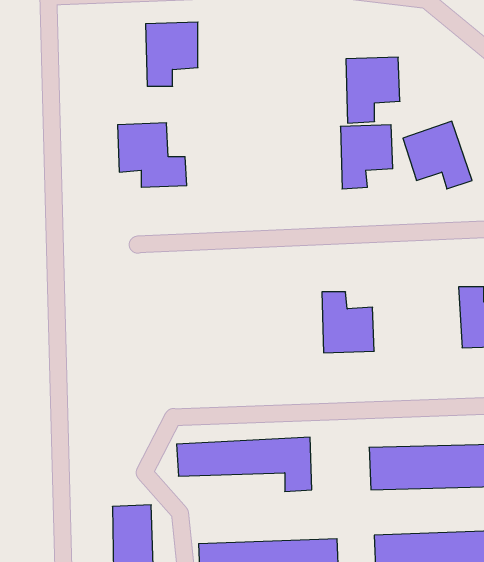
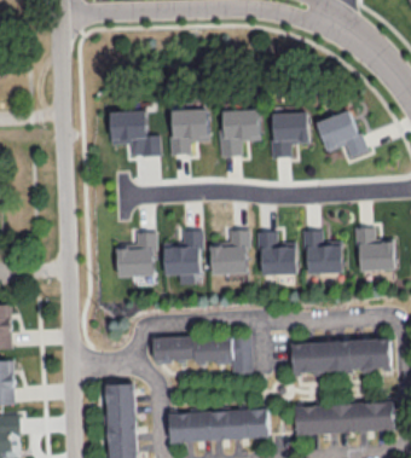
building: [146,22,198,86] -> [170,109,208,155]
building: [346,57,400,123] -> [220,110,259,157]
building: none -> [163,230,201,285]
building: none -> [209,230,249,274]
building: none -> [303,230,341,274]
building: none -> [117,232,155,278]

